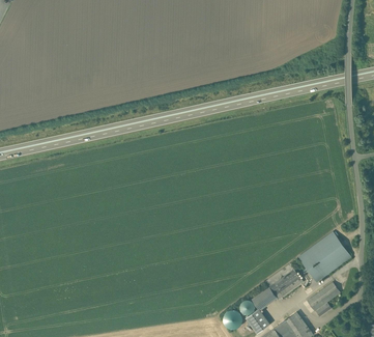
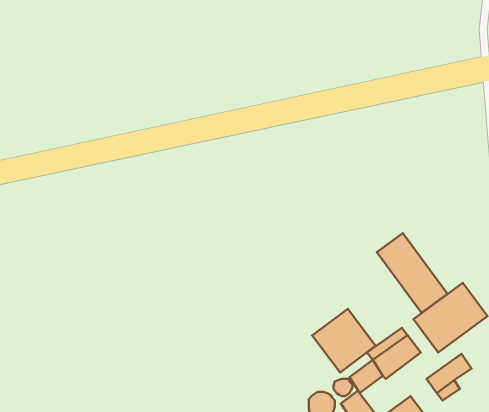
building: none -> [377,233,448,313]
building: none -> [312,309,376,373]

